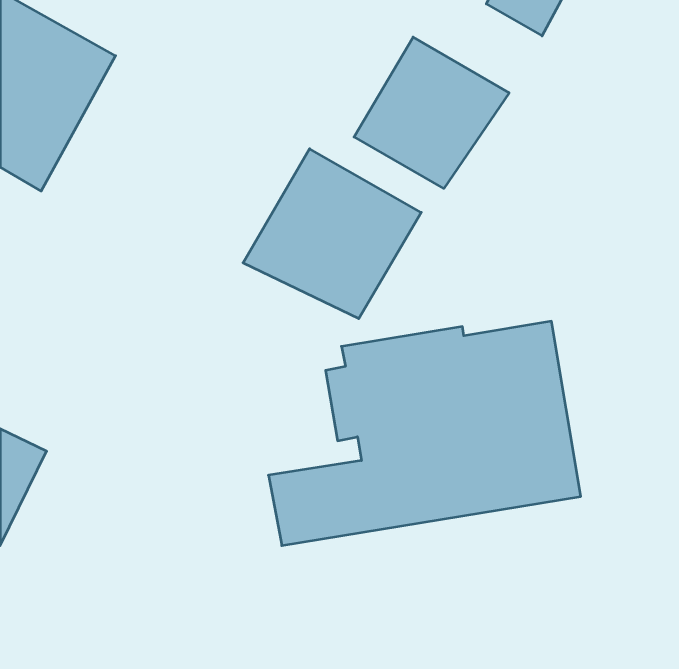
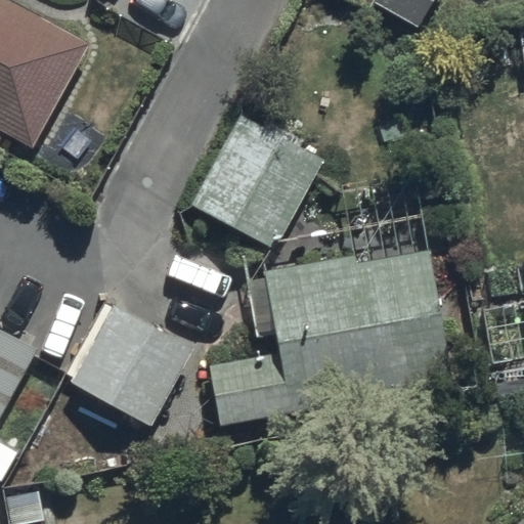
building: [354,37,509,188] -> none
building: none -> [71,306,189,423]

